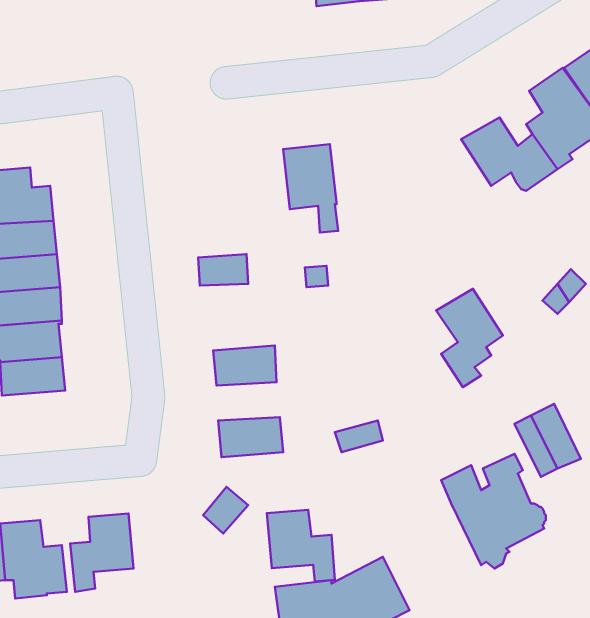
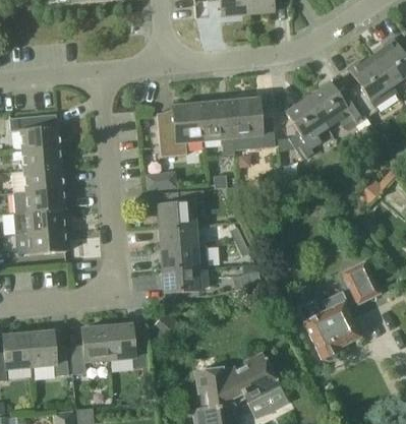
building: none -> [229,99,275,149]
building: none -> [157,104,205,157]
building: none -> [157,189,205,227]
building: [436,289,503,387] -> [287,98,328,158]
building: none -> [160,246,198,269]
building: [267,510,335,581] -> [106,324,148,368]

